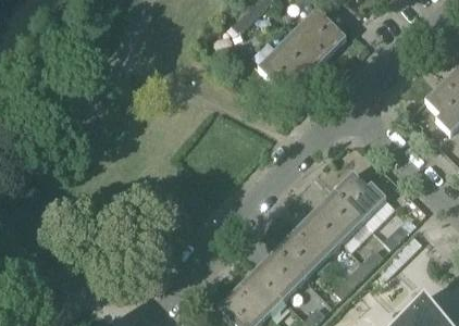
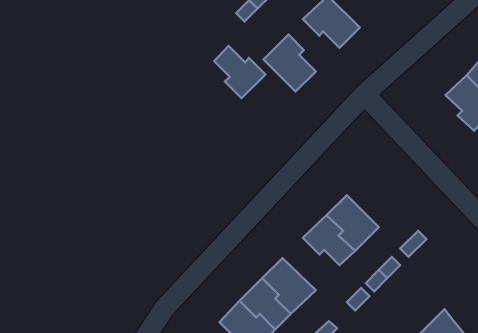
building: [283,27,330,75] -> [214,46,265,98]
building: [336,168,388,217] -> none
building: [277,227,330,275] -> none

